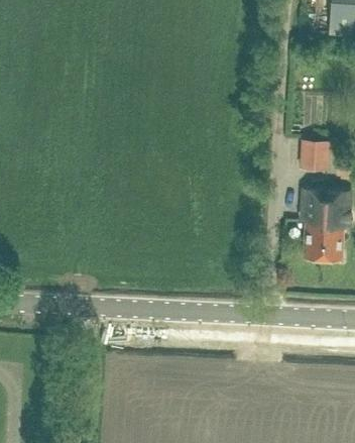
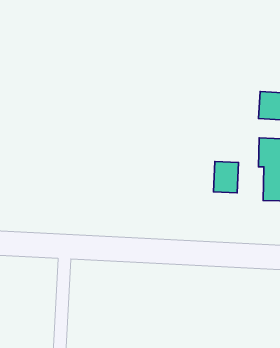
building: none -> [214,162,238,193]

